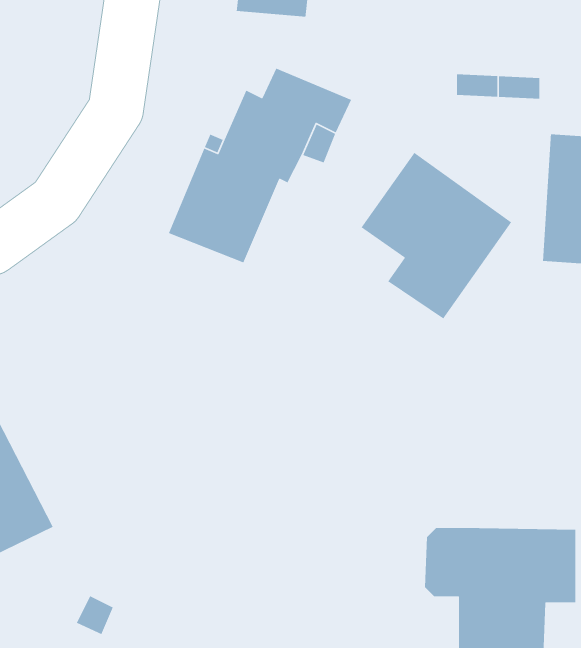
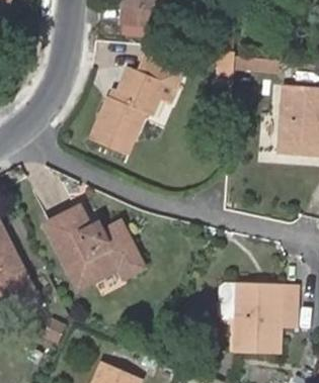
building: [360,152,512,320] -> none
building: none -> [46,208,142,288]

